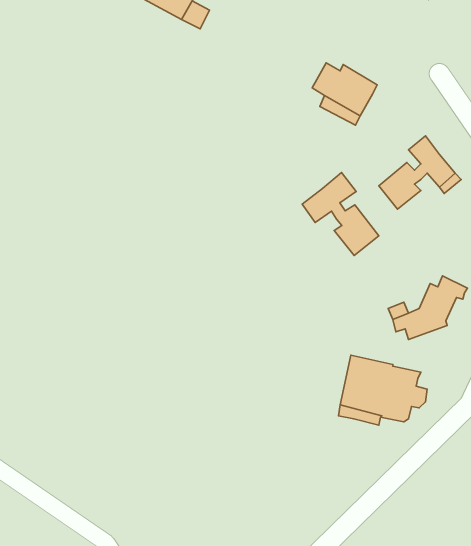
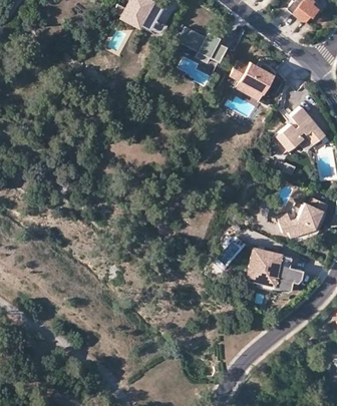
building: none -> [177,27,224,62]
building: [302,173,379,256] -> none

